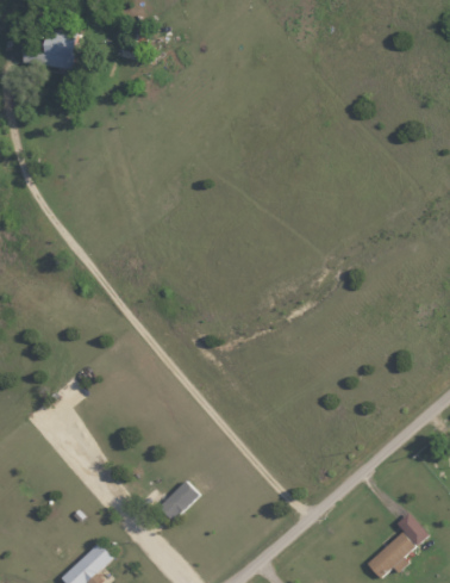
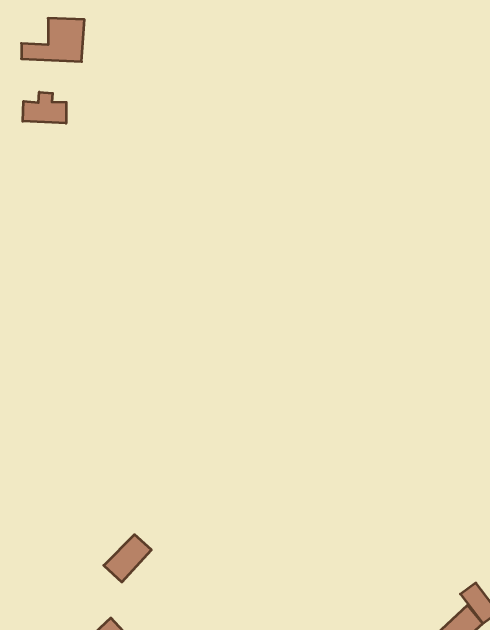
building: none -> [23,92,66,123]
building: [158,479,199,520] -> [104,535,151,582]

